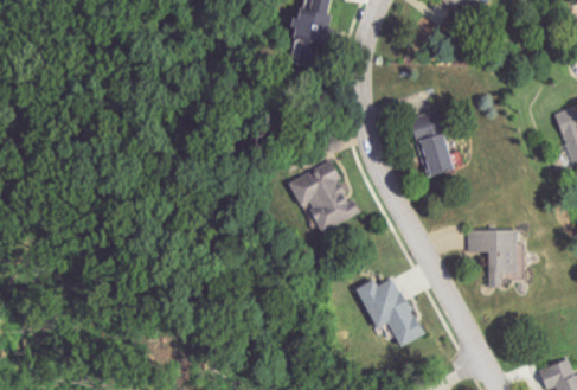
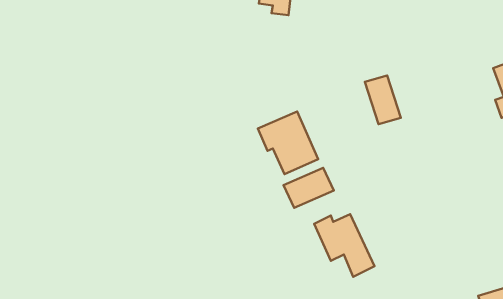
building: none -> [283,168,334,208]
building: [468,230,518,286] -> none

